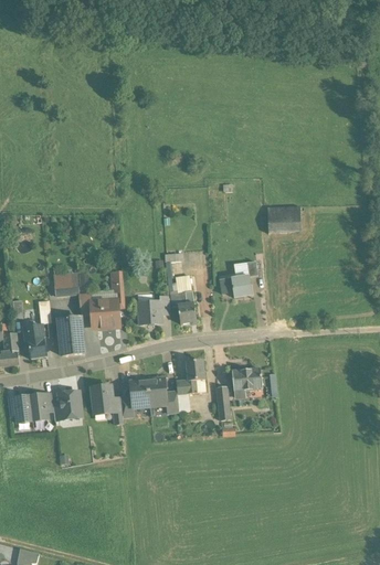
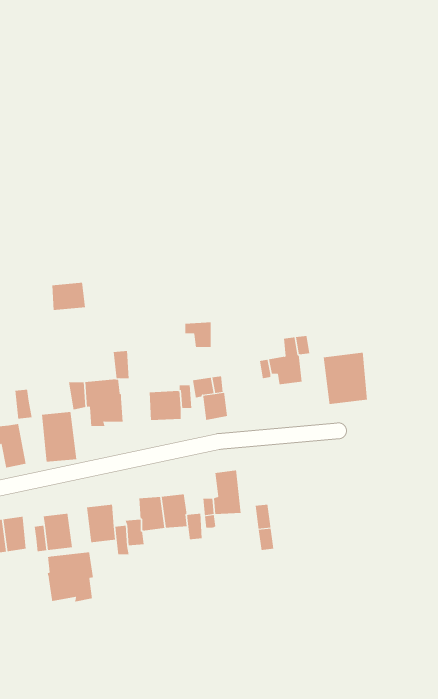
building: [266,205,300,232] -> none
building: none -> [323,352,367,405]
building: [53,274,78,295] -> [51,282,86,310]
building: [230,367,262,391] -> none
building: none -> [47,551,94,602]

